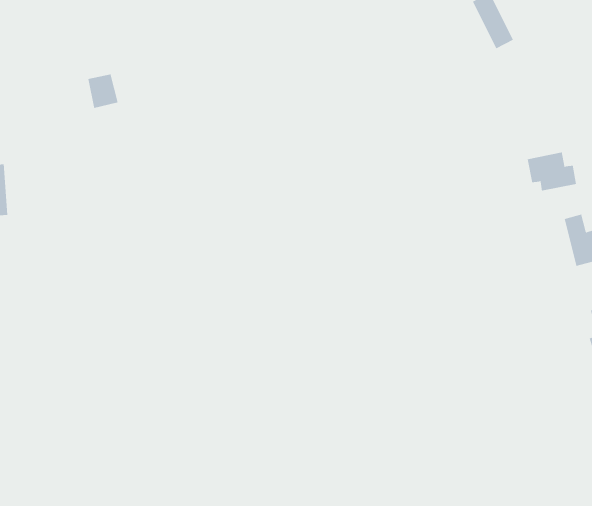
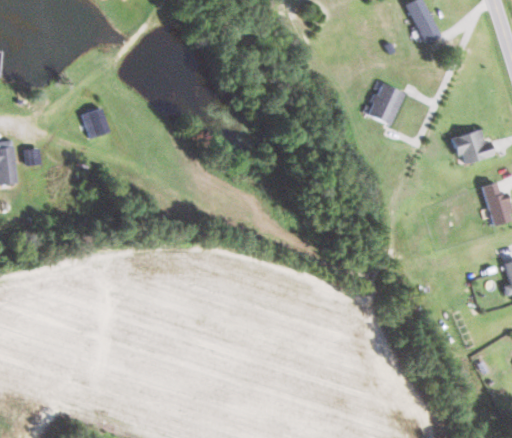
building: [87,74,118,109] -> [82,109,108,138]
building: none -> [367,82,404,125]

